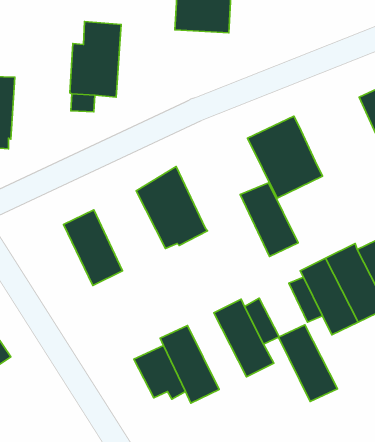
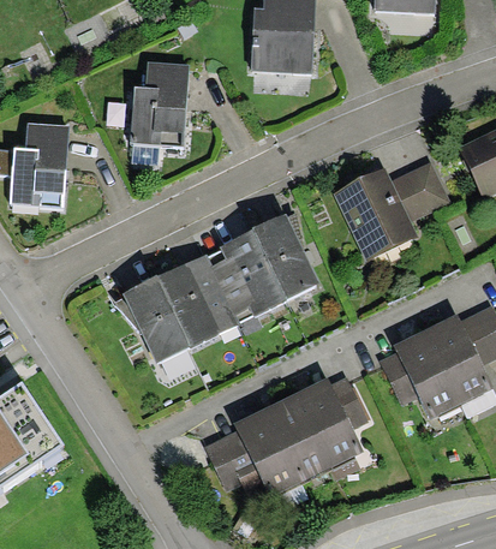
building: none -> [392,162,452,221]
building: [240,183,298,256] -> [251,214,317,298]
building: none -> [157,255,240,346]
building: [279,325,337,401] -> [264,394,331,482]

